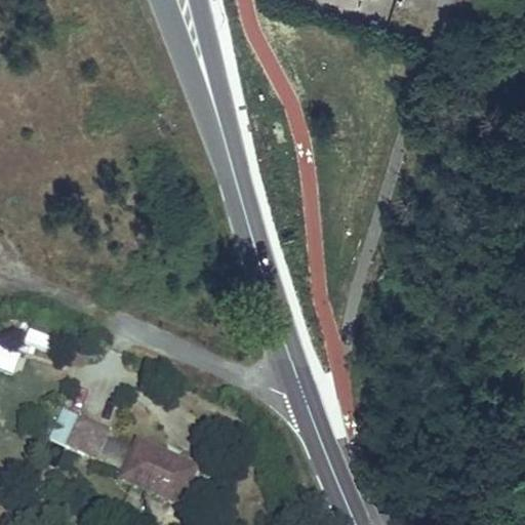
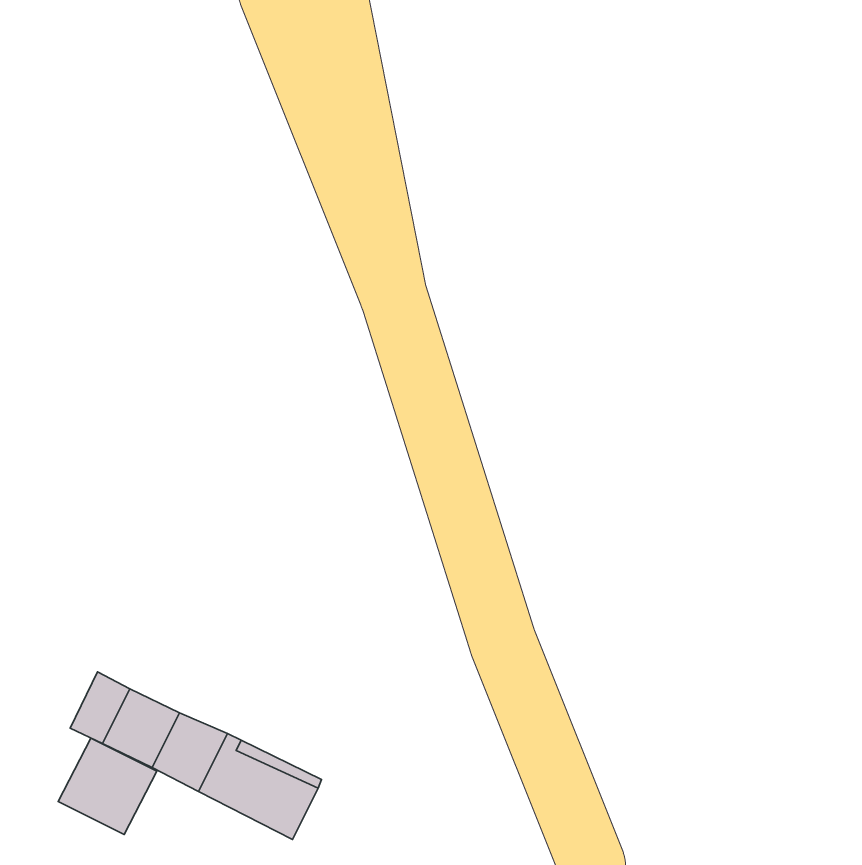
building: none -> [58,738,157,835]

